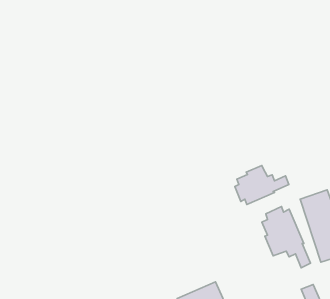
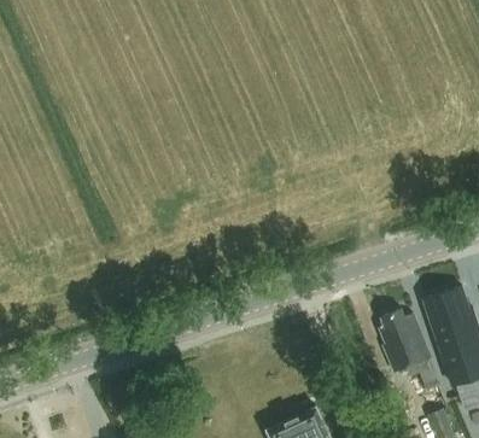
building: [235,165,289,204] -> none

